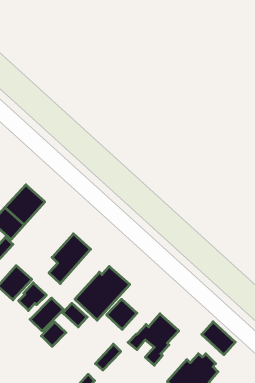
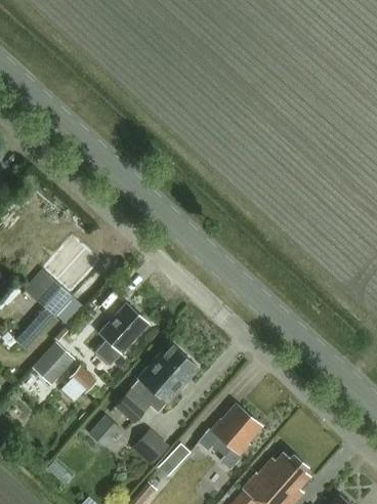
building: [30,298,64,331] -> none
building: [107,299,137,329] -> [129,426,167,464]
building: [202,322,235,355] -> none

